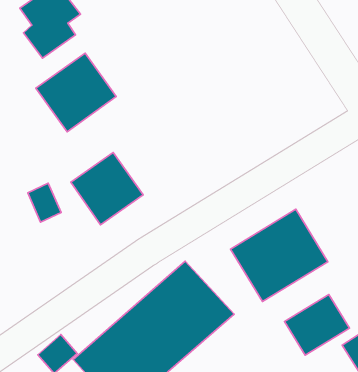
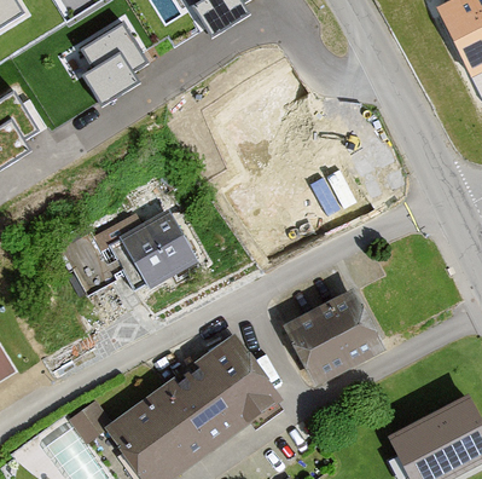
building: [36,53,116,132] -> none
building: [285,295,349,355] -> none

